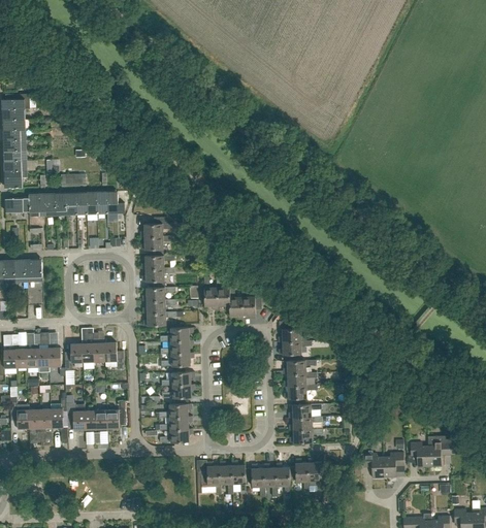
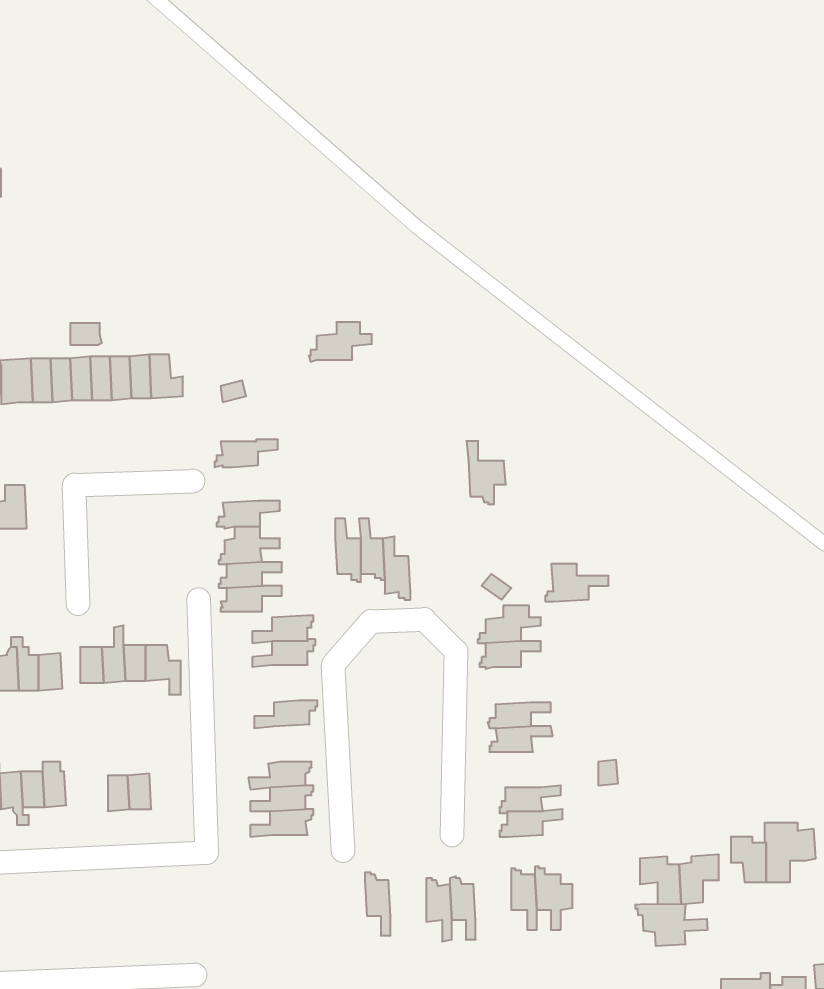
building: [139,217,172,237] -> [309,322,372,362]
building: [141,249,173,268] -> none
building: [240,286,261,319] -> [466,441,506,504]
building: [160,352,193,372] -> none
building: [283,354,316,373] -> [545,564,609,601]
building: [162,384,194,403] -> none
building: [288,398,321,418] -> none
building: [106,401,126,428] -> none
building: [66,402,85,429] -> none
building: [231,461,251,494] -> none
building: [200,462,220,494] -> none
building: [276,463,295,496] -> none
building: none -> [635,904,707,946]

